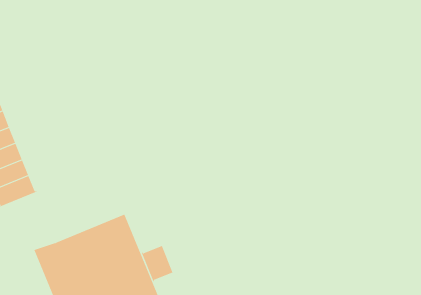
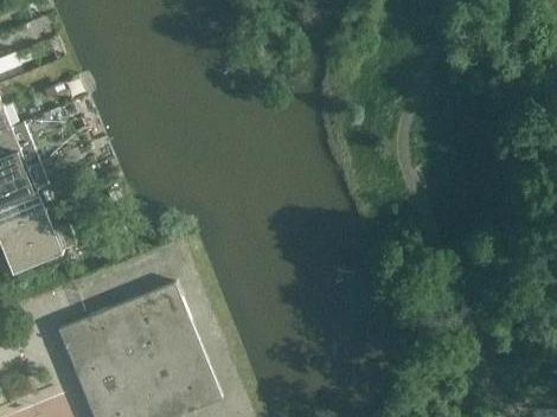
building: [141,245,173,282] -> none

